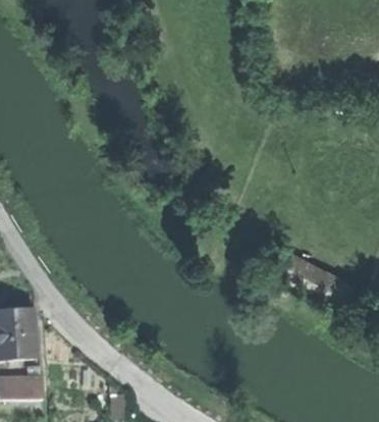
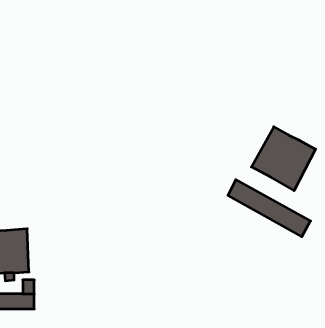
building: none -> [251,127,316,191]

